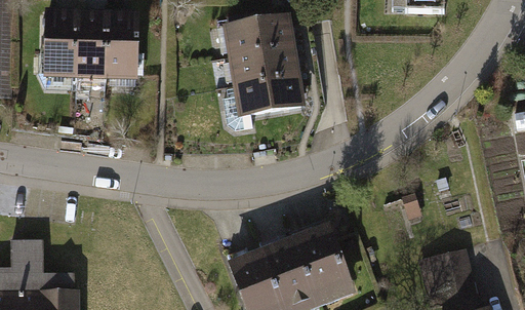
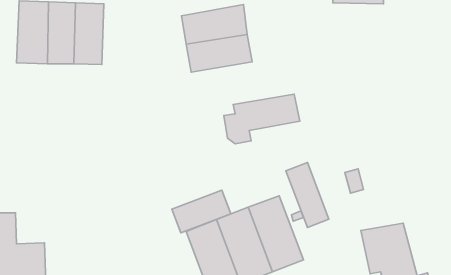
building: [223,75,306,129] -> [224,94,300,144]
building: none -> [286,163,329,227]
building: none -> [172,190,231,233]

